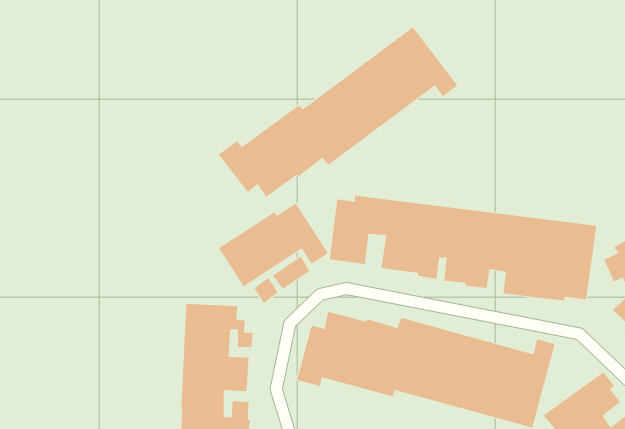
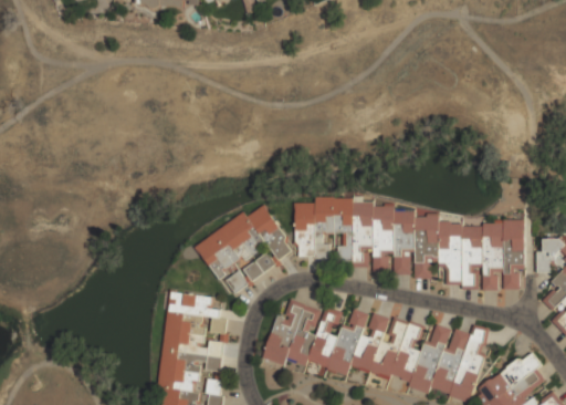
building: [218,27,458,198] -> none

